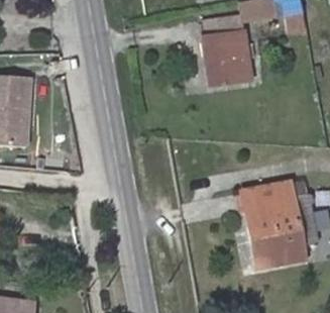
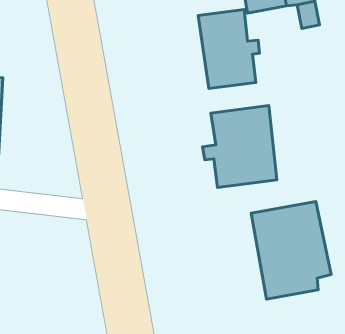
building: none -> [202,106,277,187]

